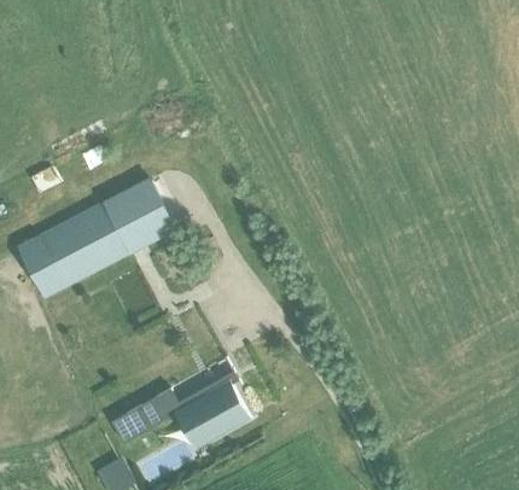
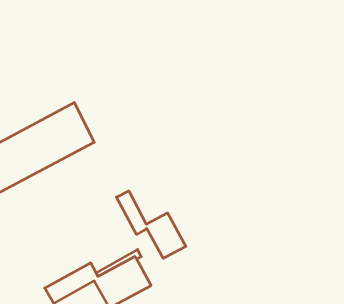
building: none -> [116,191,186,258]

